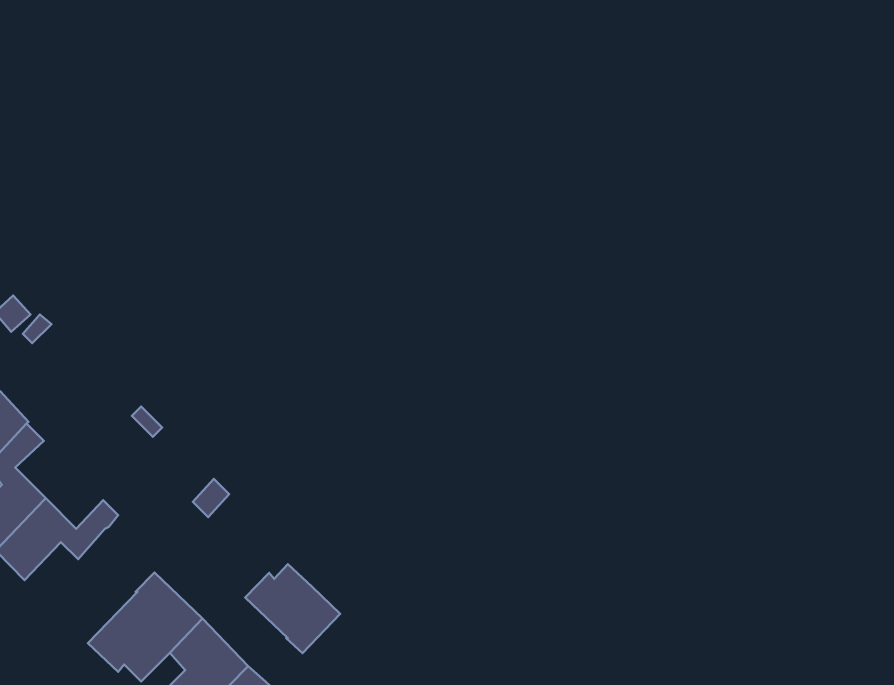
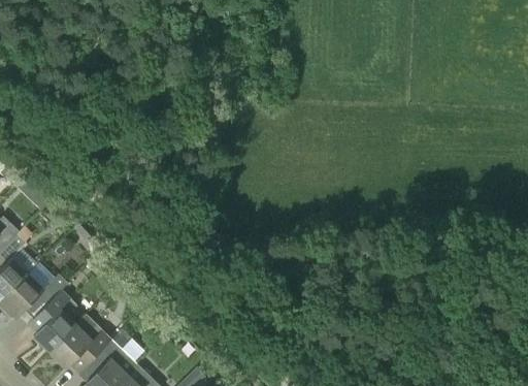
building: none -> [28,289,76,352]
building: [245,564,340,653] -> none

